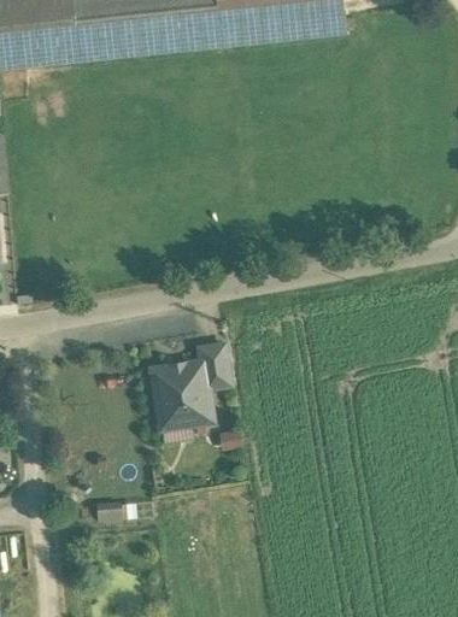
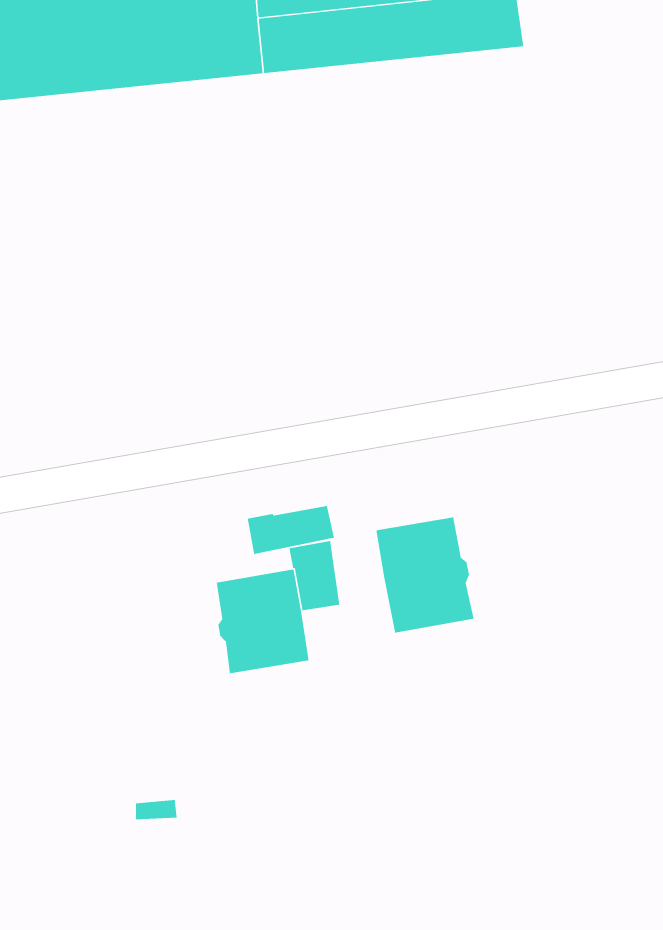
building: none -> [247,505,335,555]
building: none -> [376,516,475,634]

